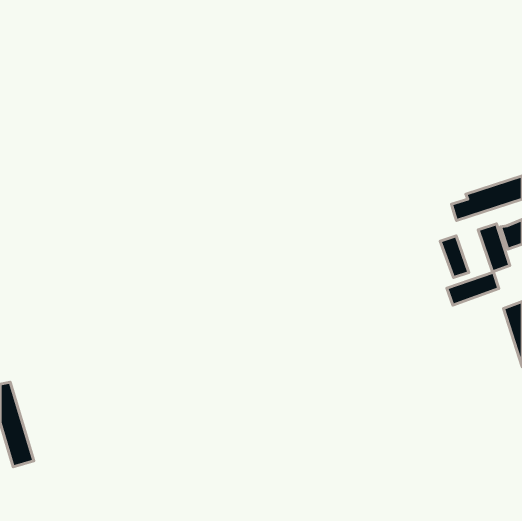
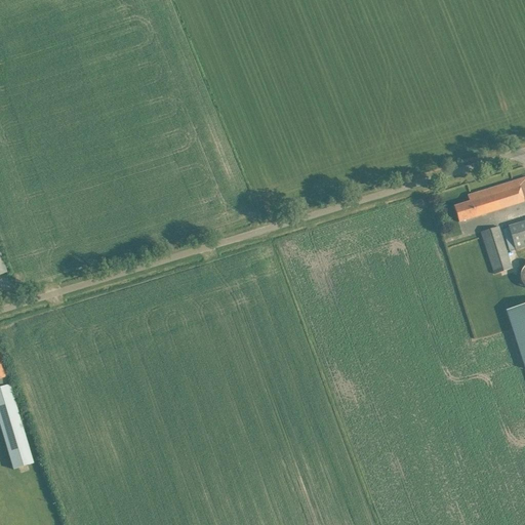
building: [440,236,469,277] -> none
building: [447,272,499,305] -> none

